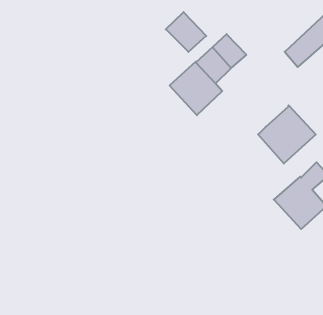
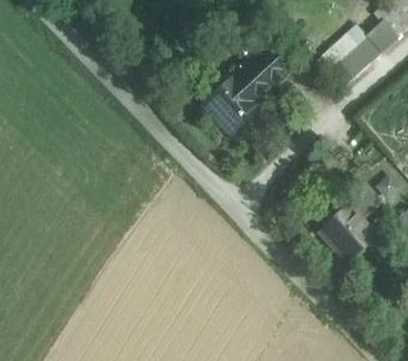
building: [166,12,206,52] -> none
building: [258,105,316,164] -> none

